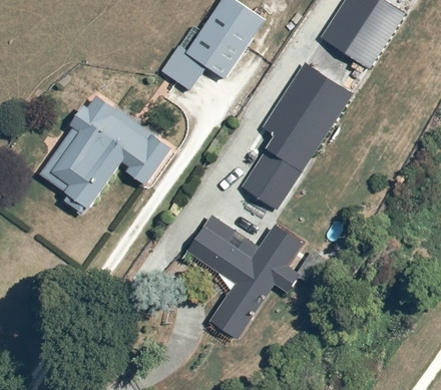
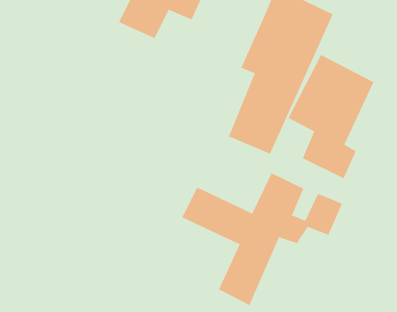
building: [40,94,173,215] -> none
building: none -> [288,54,374,179]

